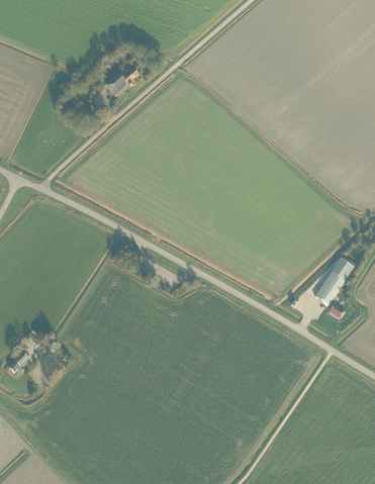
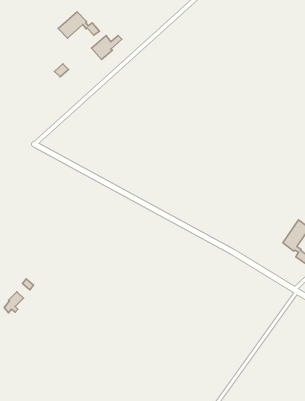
building: none -> [58,12,99,38]

